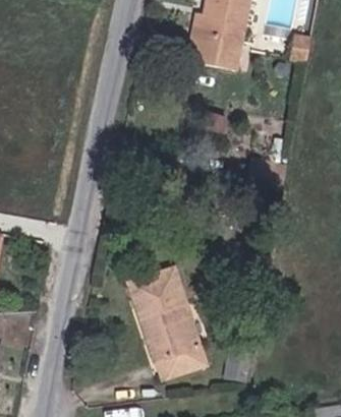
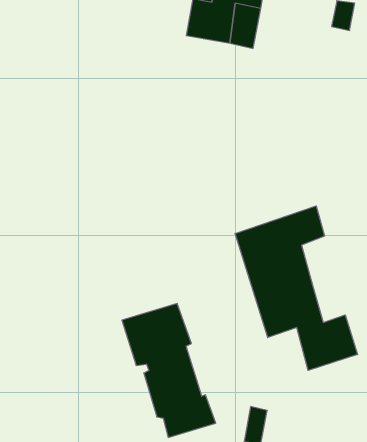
building: none -> [235,206,358,370]

